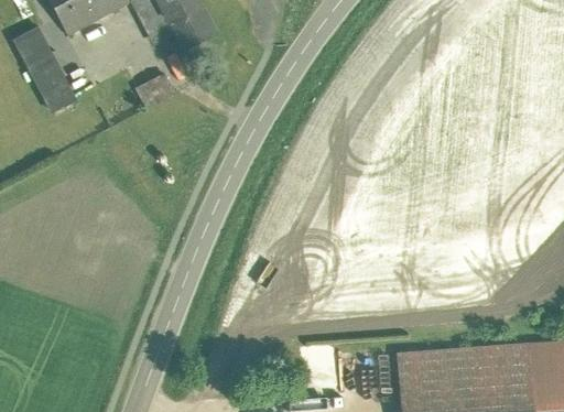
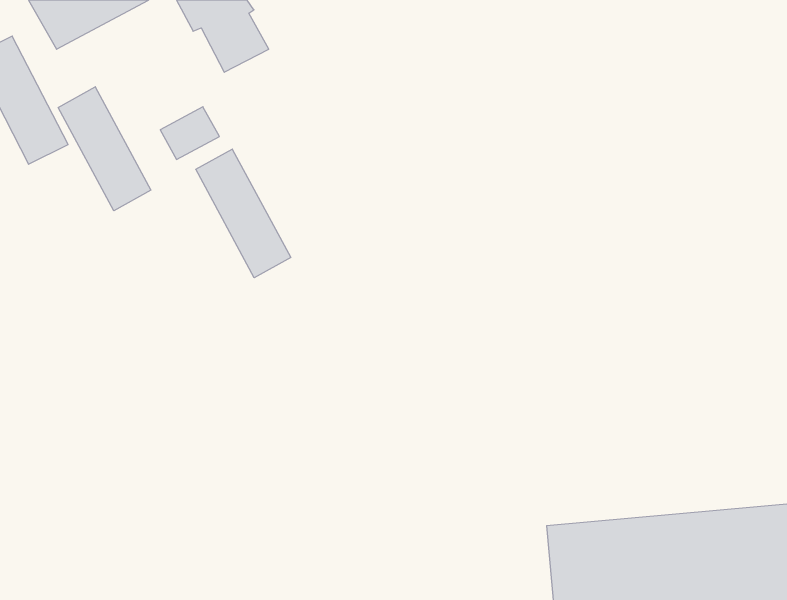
building: none -> [58,87,151,211]
building: none -> [196,149,291,278]

